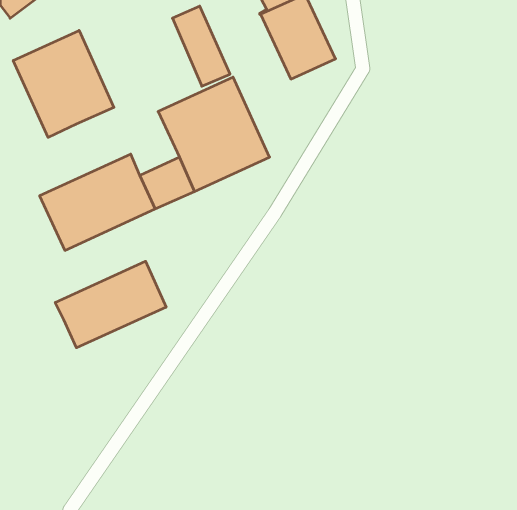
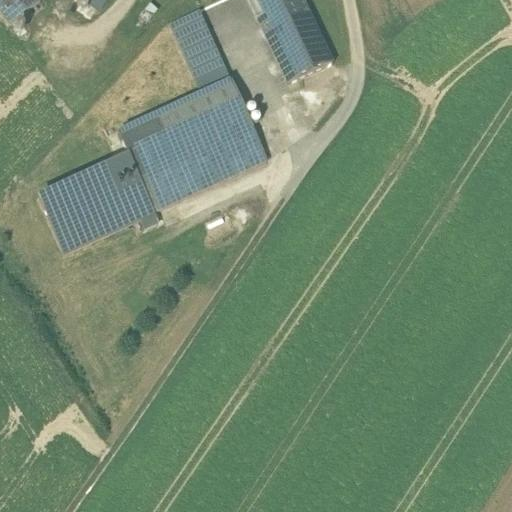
building: [13,30,114,137] -> none
building: none -> [119,110,178,173]
building: [55,261,166,348] -> none

